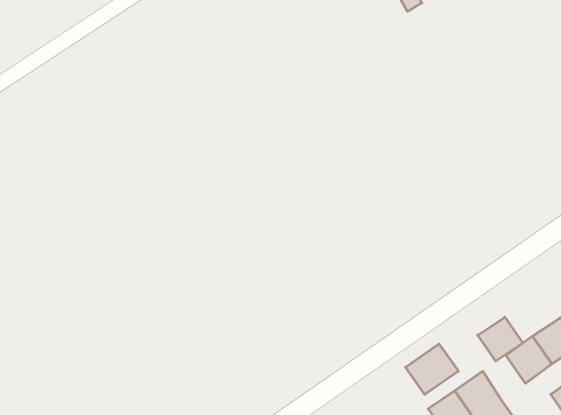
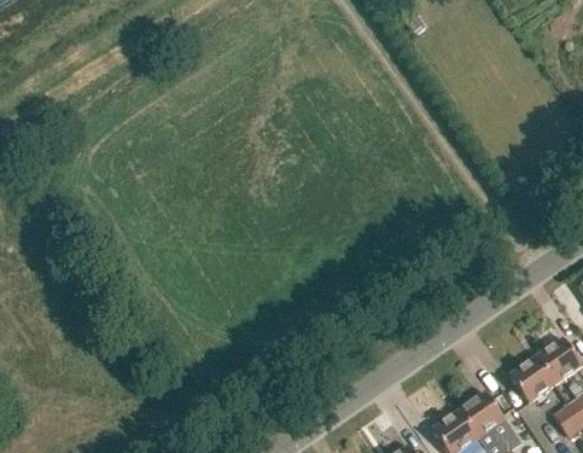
building: [478,317,523,361] -> none
building: [406,344,458,394] -> none

